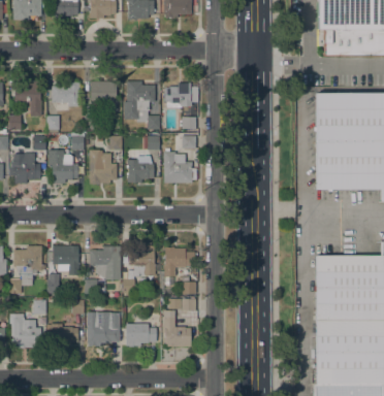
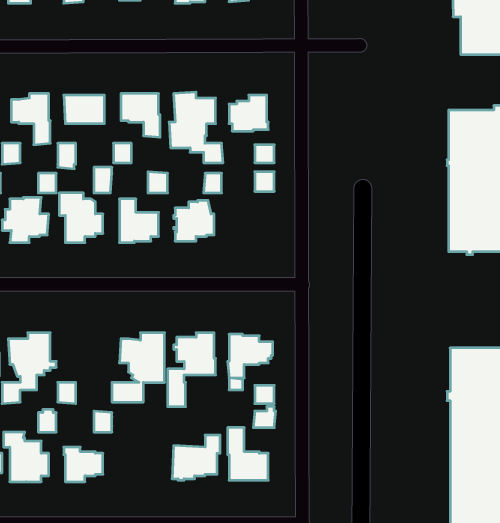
building: [163,152,196,183] -> none
building: [52,245,78,275] -> none
building: [87,311,119,345] -> none

